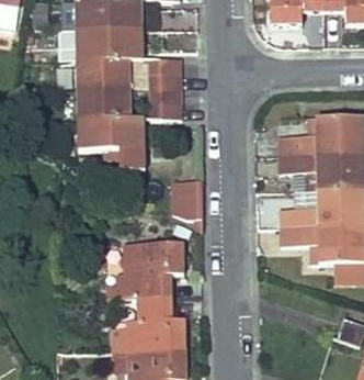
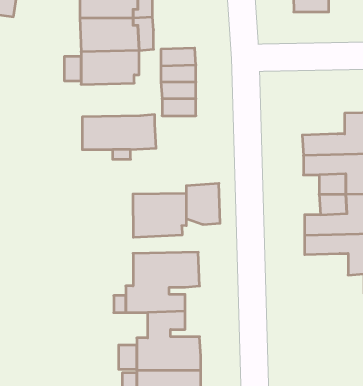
building: [78,89,132,120] -> none
building: none -> [133,193,186,237]

